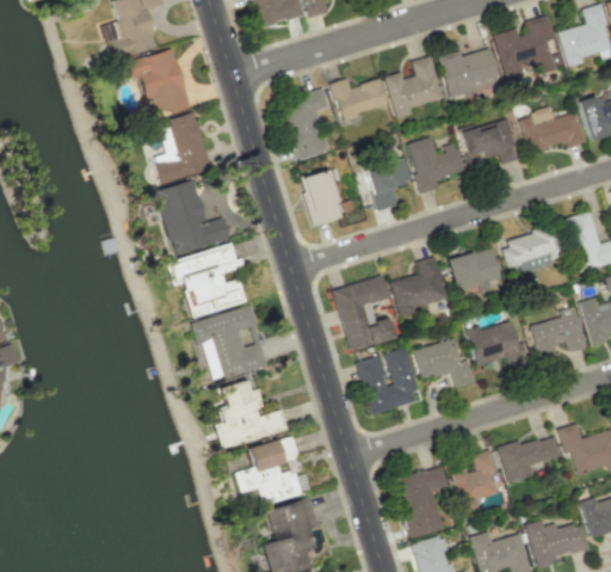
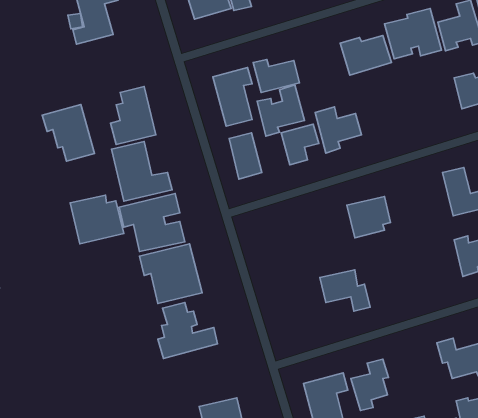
building: [128,48,192,118] -> [42,104,94,161]
building: [385,56,444,119] -> [257,85,305,136]
building: [520,109,581,154] -> none
building: [461,118,520,165] -> none
building: [501,229,557,275] -> none
building: none -> [70,195,124,244]
building: [391,257,448,314] -> none
building: [334,277,395,351] -> none
building: [530,307,587,353] -> none
building: [467,321,533,368] -> none
building: [357,347,419,414] -> none
building: [498,436,562,484] -> none
building: [236,442,311,504] -> none

